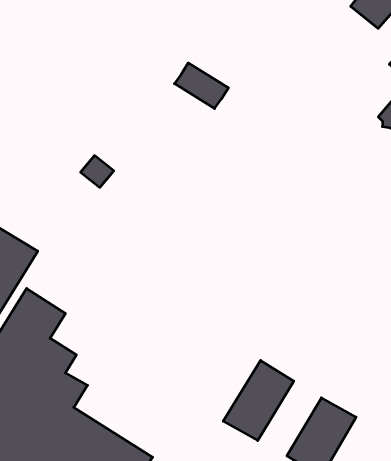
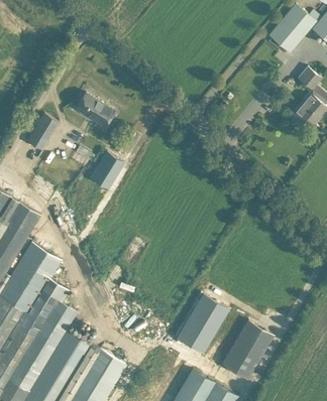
building: [174,63,228,109] -> [75,94,114,127]
building: none -> [27,115,59,150]
building: none -> [91,152,123,188]

